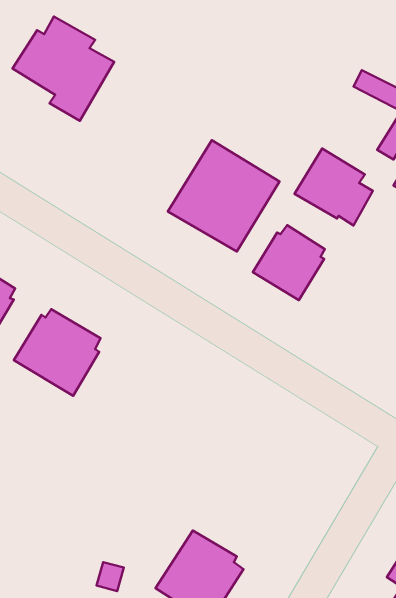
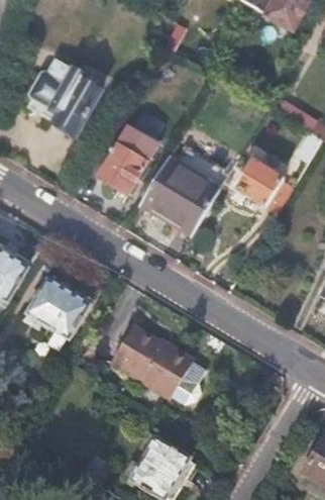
building: none -> [88,126,157,193]
building: [253,225,325,300] -> none
building: none -> [111,323,205,402]

